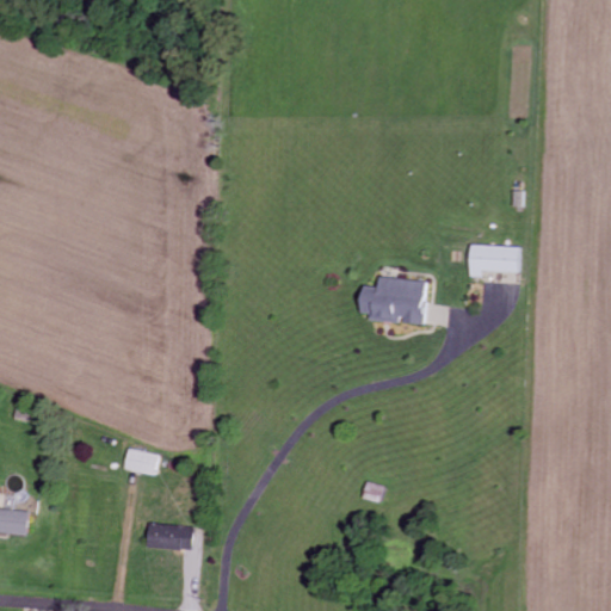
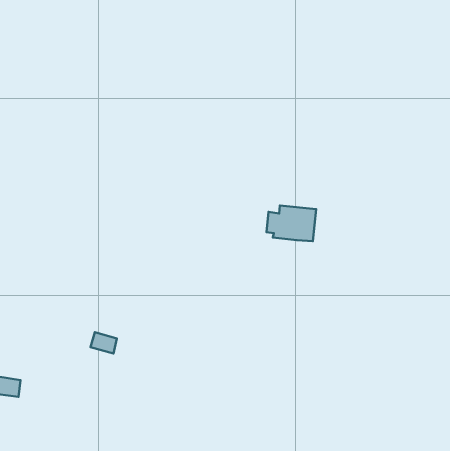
building: [468,245,519,277] -> none
building: [146,525,192,549] -> none

